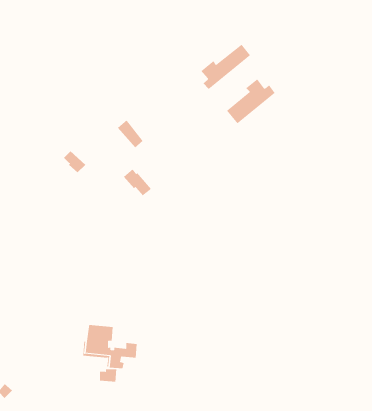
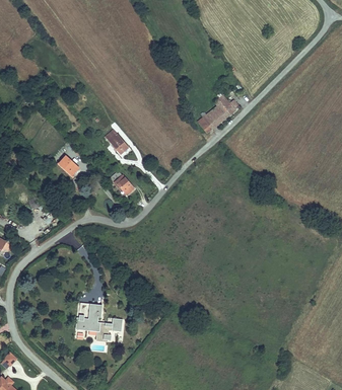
building: [200,44,251,90] -> none

